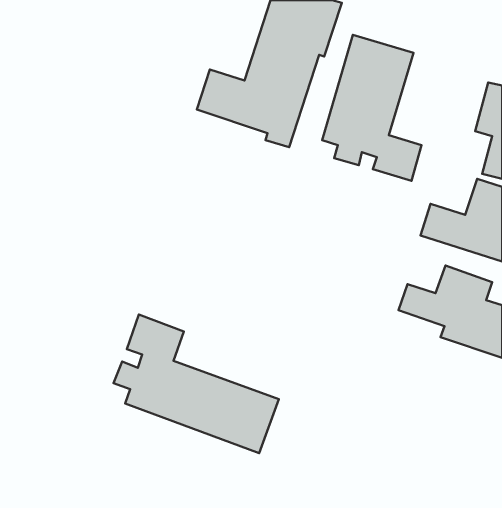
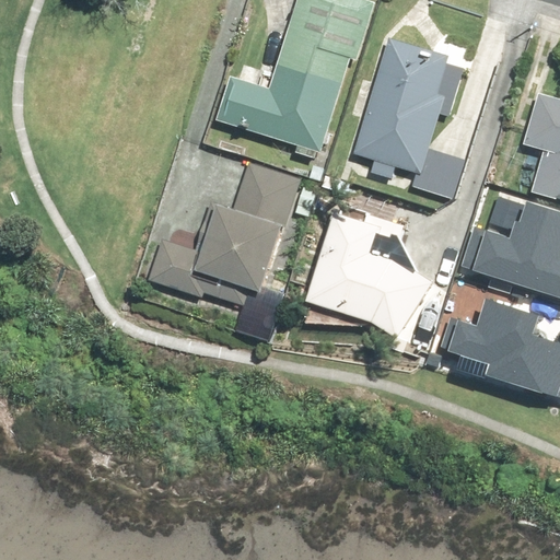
building: none -> [145,160,304,310]
building: none -> [301,211,421,336]
building: [114,314,279,453] -> none

